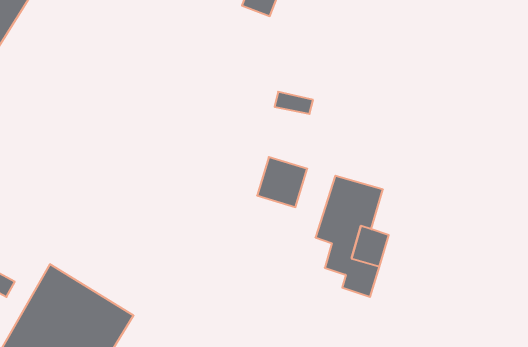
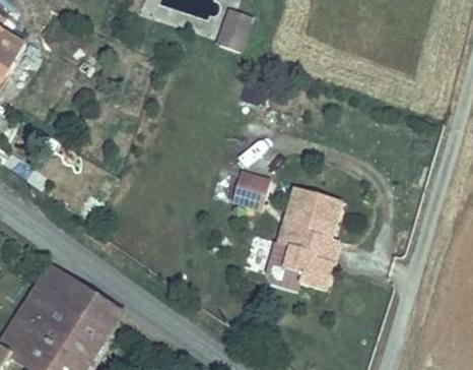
building: none -> [262,240,305,286]

